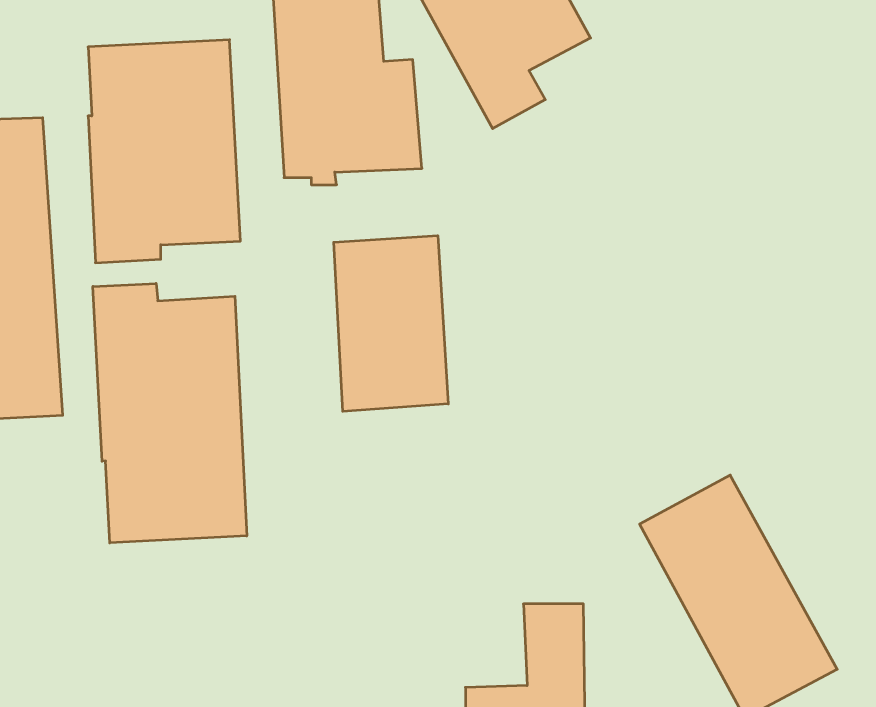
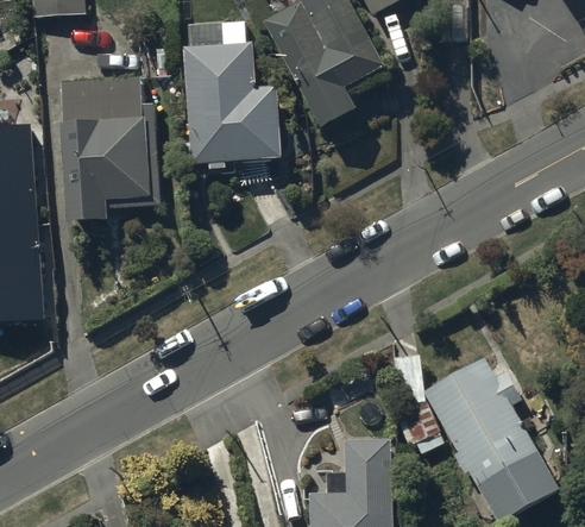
building: [334,236,448,411] -> none
building: [93,283,247,543] -> none

